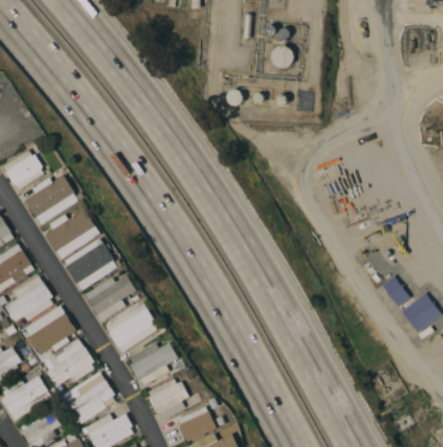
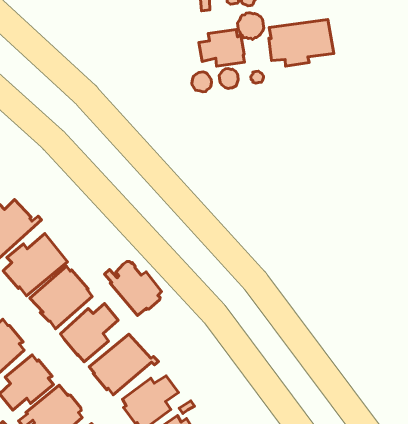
building: none -> [199,30,245,66]
building: none -> [269,19,334,66]
building: none -> [104,261,162,315]

